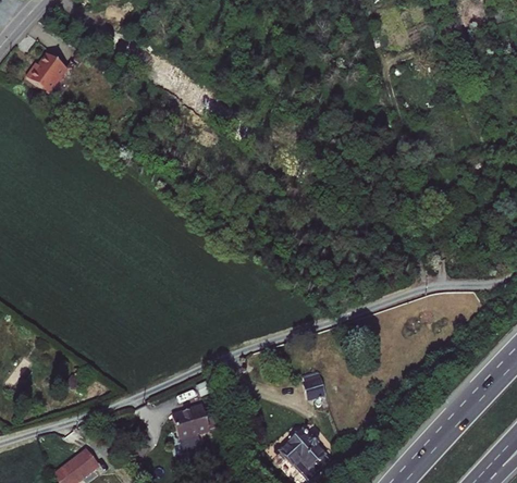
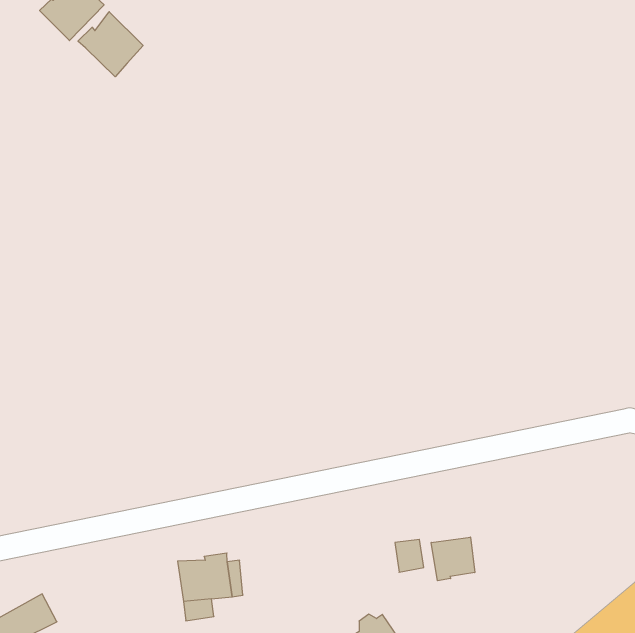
building: none -> [78,12,143,77]
building: none -> [431,537,475,581]

